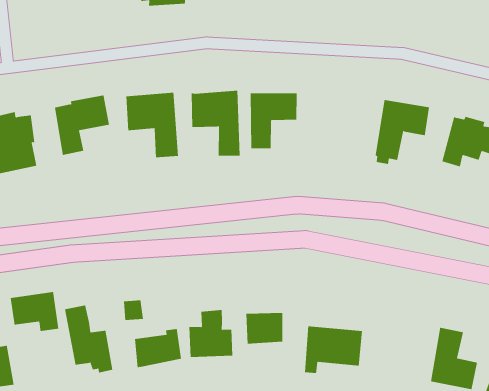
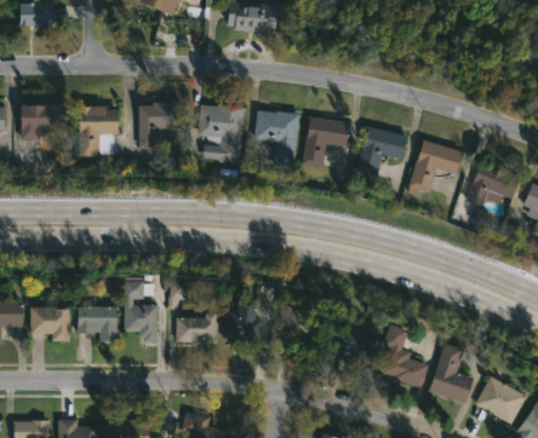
building: none -> [355,127,407,179]
building: [10,292,59,331] -> [76,307,115,340]
building: none -> [384,323,429,385]

